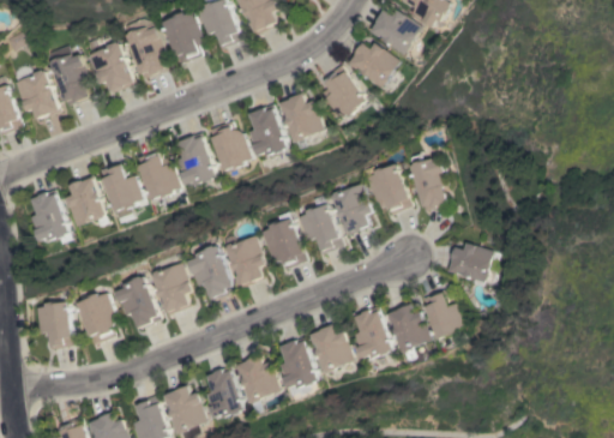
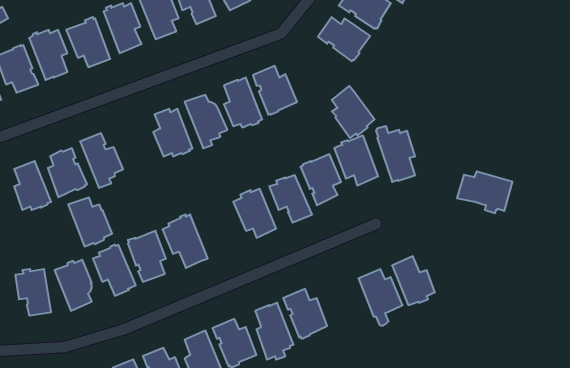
building: [320,66,365,120] -> [332,86,375,138]
building: [136,150,181,200] -> [68,198,112,246]
building: [222,236,263,288] -> none
building: [446,244,504,287] -> [457,171,513,213]
building: [355,307,393,359] -> none

